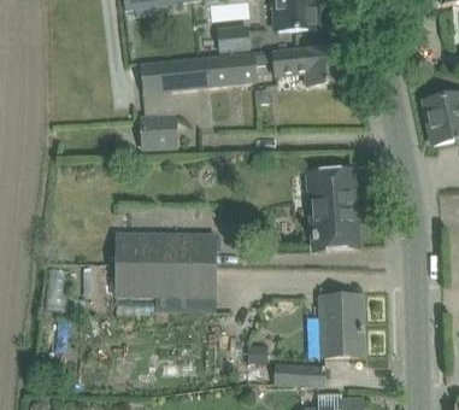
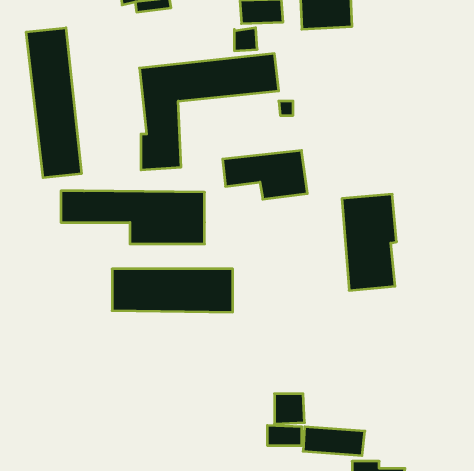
building: none -> [26,28,81,178]
building: [275,45,346,86] -> [223,150,307,199]
building: [98,266,218,311] -> [61,191,205,244]
building: [323,294,364,357] -> none

